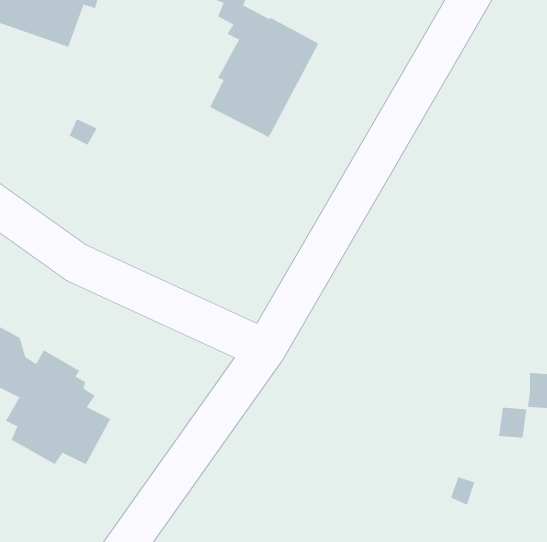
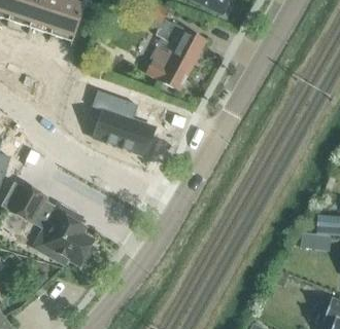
building: none -> [93,92,156,156]

